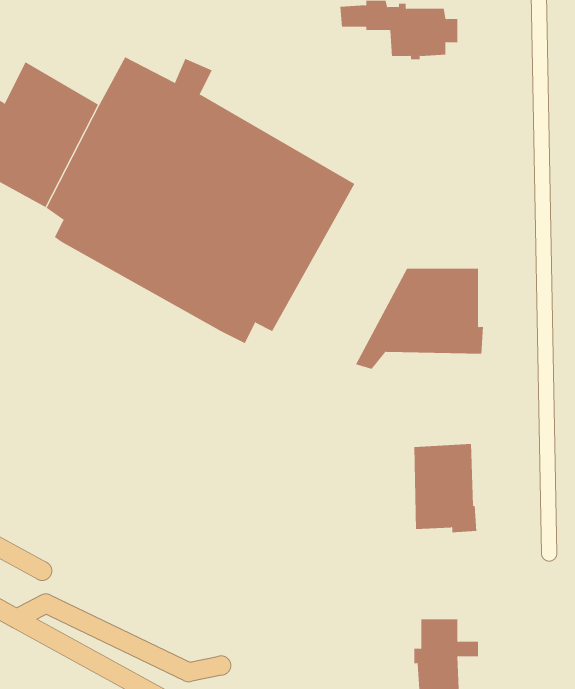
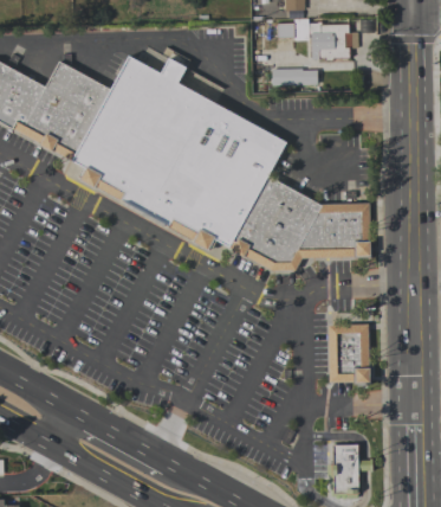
building: none -> [271,68,317,85]
building: none -> [229,178,322,272]

